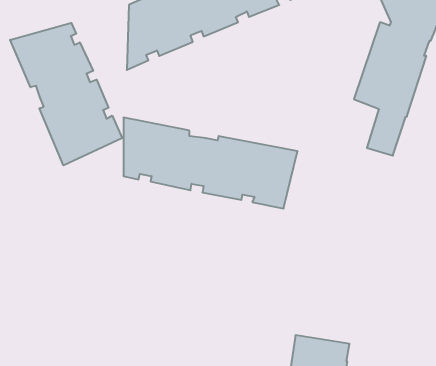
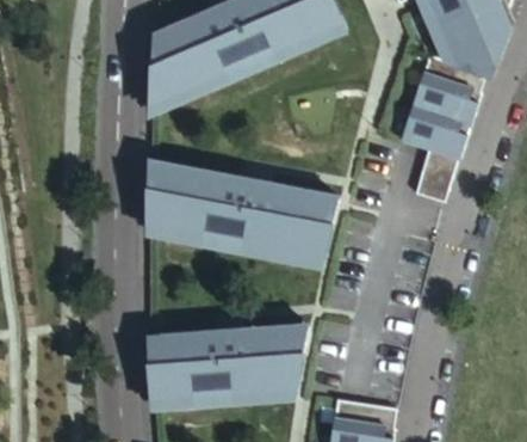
building: [10,23,122,165] -> none
building: none -> [147,325,309,401]

